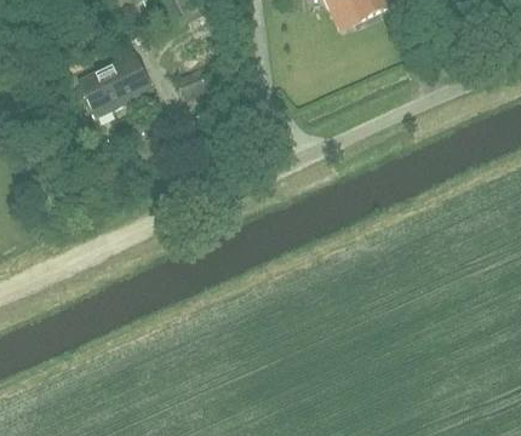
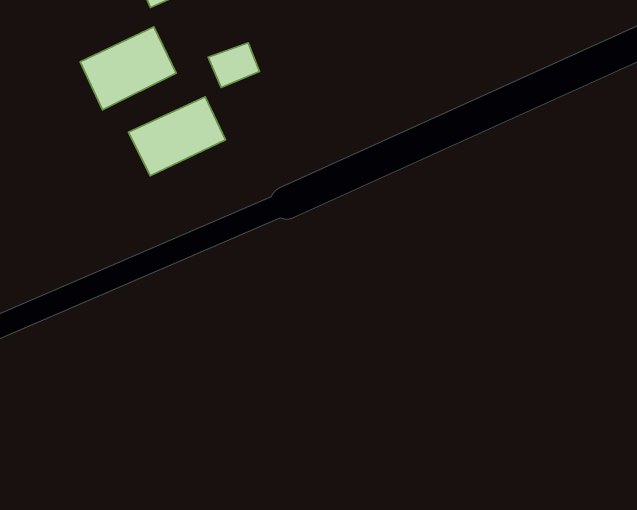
building: none -> [128,97,226,176]

